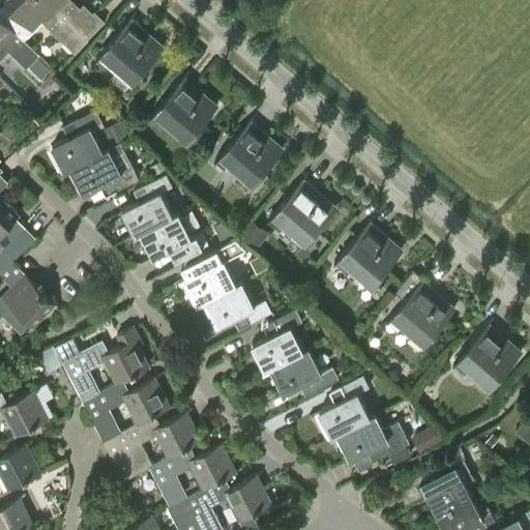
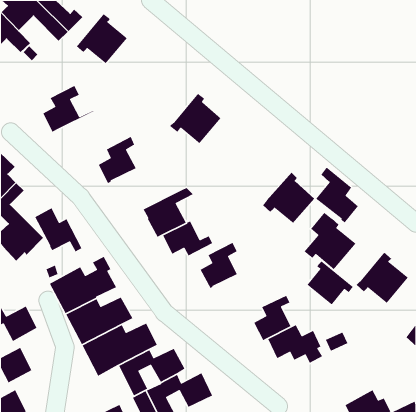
building: [149,80,216,146] -> none
building: [72,147,139,199] -> none
building: [267,180,335,247] -> none
building: [142,216,209,264] -> none
building: none -> [315,166,359,223]
building: none -> [34,207,83,252]
building: none -> [306,260,354,305]
building: [271,351,338,398] -> none
building: [420,463,474,520] -> none

